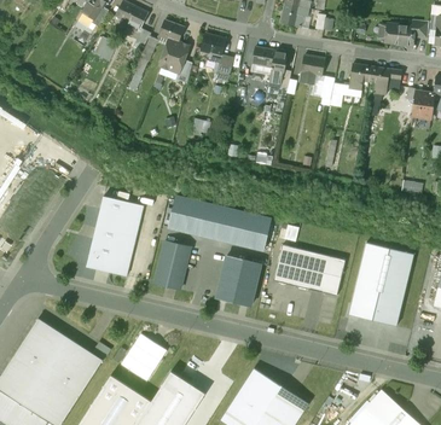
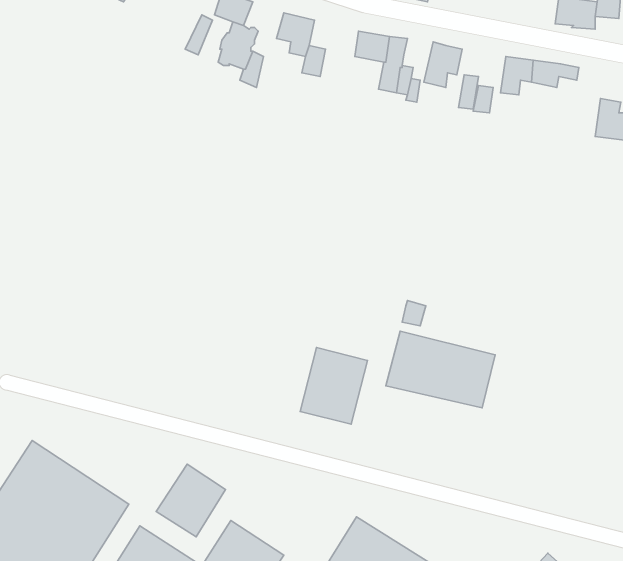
building: [86,197,138,273] -> none
building: [168,197,272,250] -> none
building: [155,241,190,290] -> none
building: [349,243,414,326] -> none

